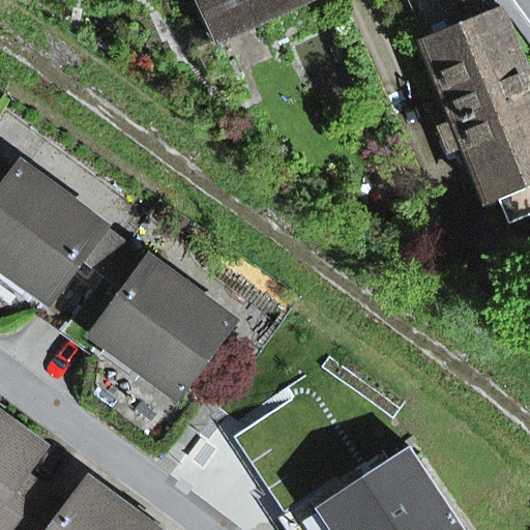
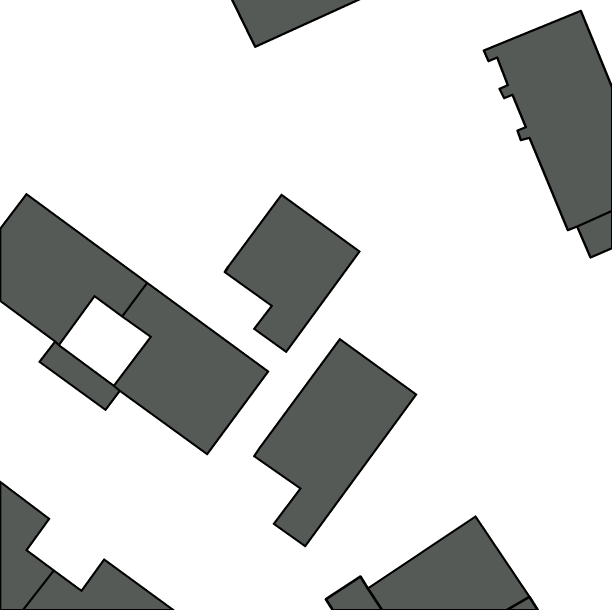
building: none -> [225,195,360,352]
building: none -> [254,339,416,546]

